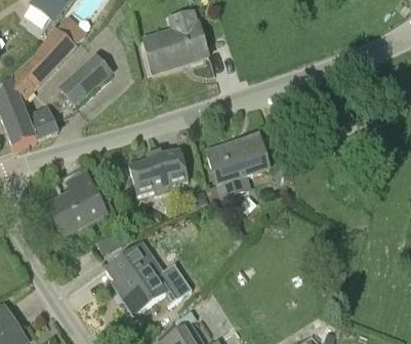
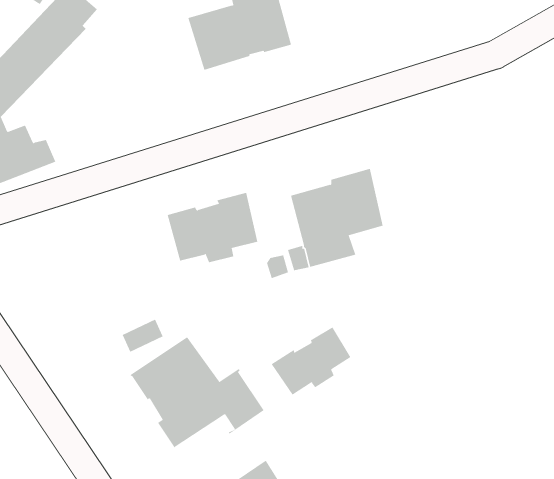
building: [59,52,116,107] -> none
building: [46,164,107,233] -> none
building: none -> [271,326,351,395]

